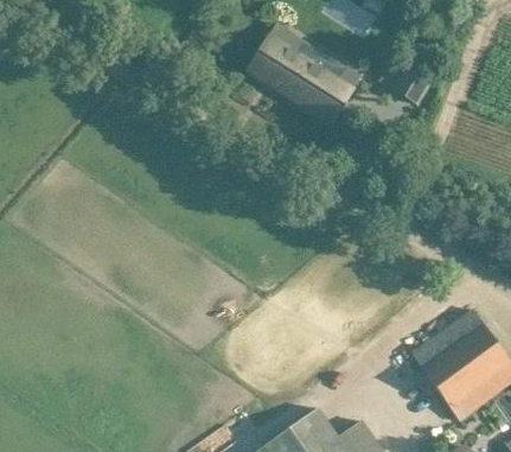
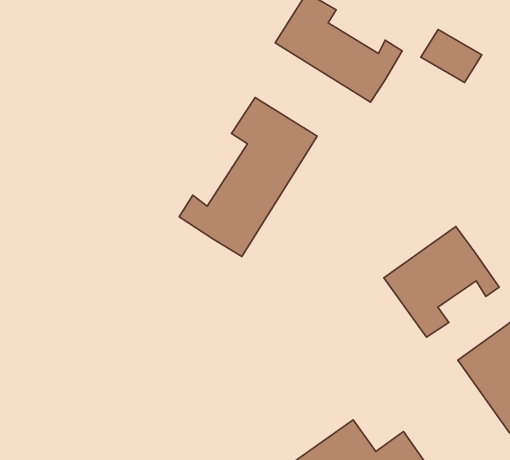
building: none -> [179,98,317,257]
building: none -> [384,226,499,337]

